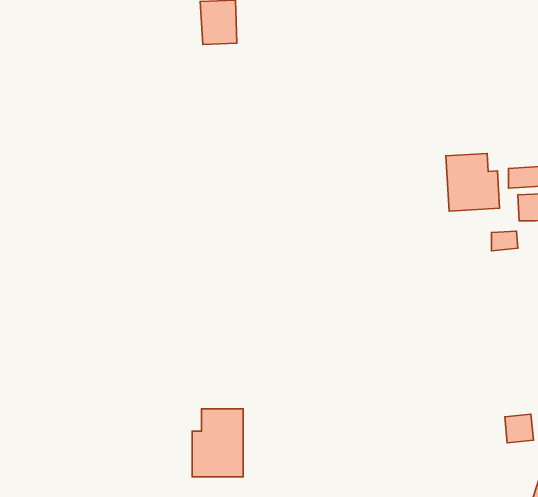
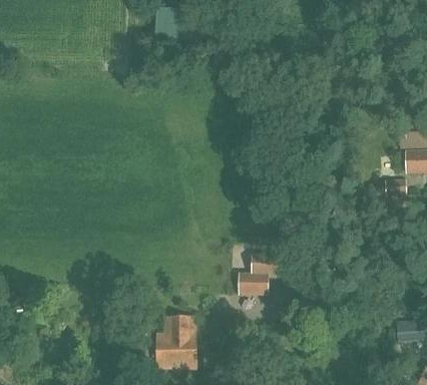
building: [446,153,500,211] -> none
building: none -> [239,253,281,294]

